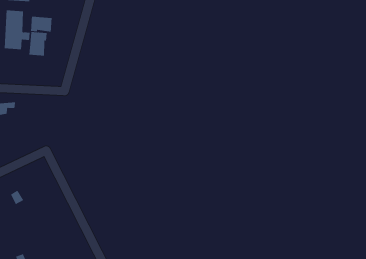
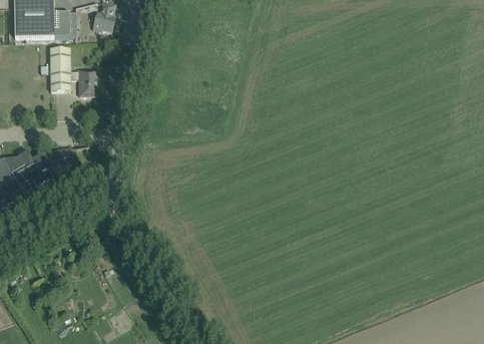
building: [30,16,52,32] -> none

